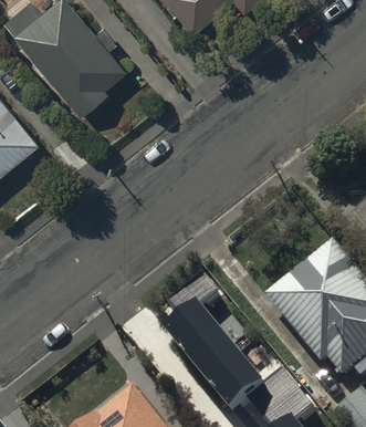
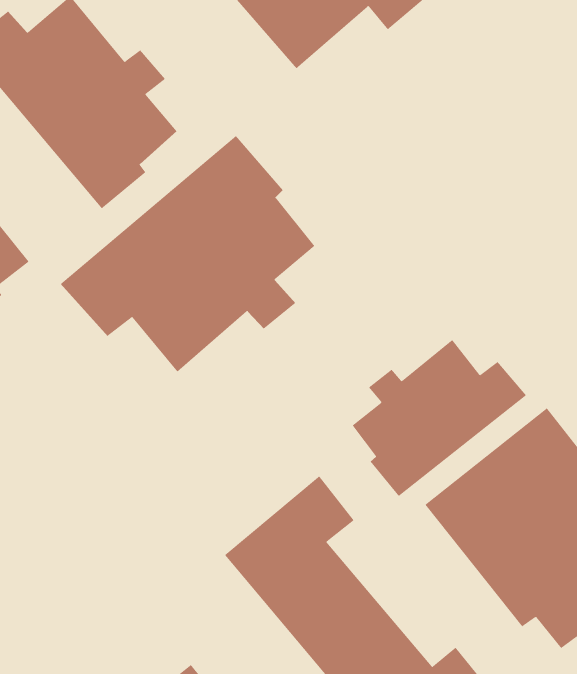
building: none -> [60,135,315,372]
building: none -> [352,339,527,497]

